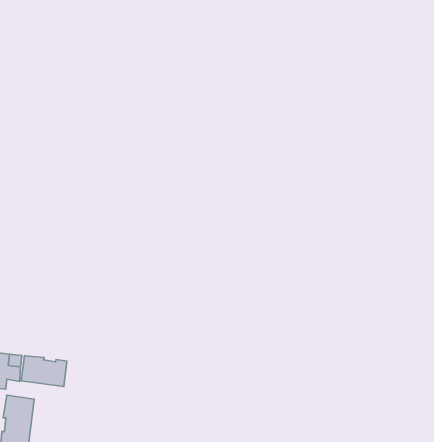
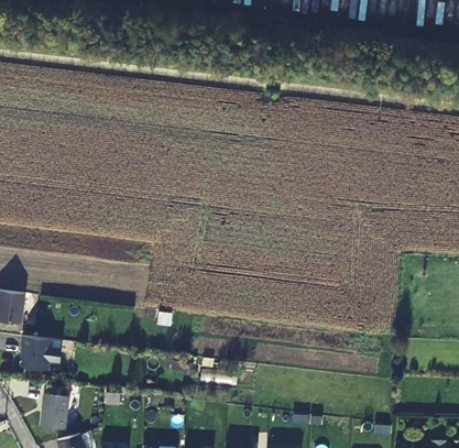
building: [21,356,67,386] -> none

